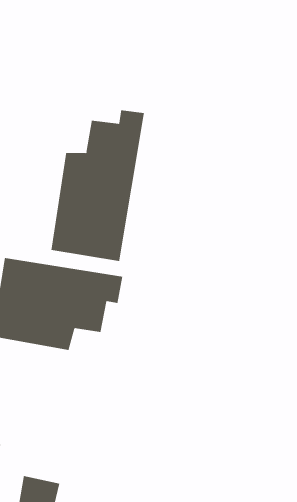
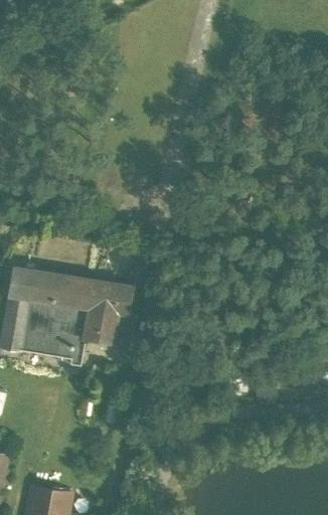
building: [51,109,145,262] -> none

